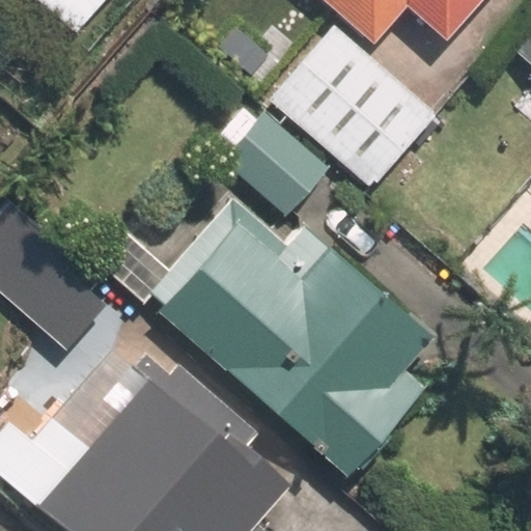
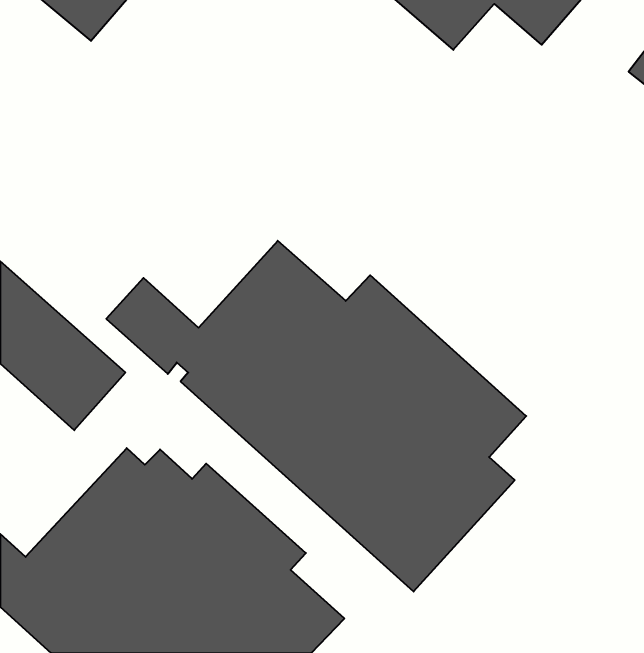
building: [271,26,435,188] -> none
building: [217,106,333,217] -> none

